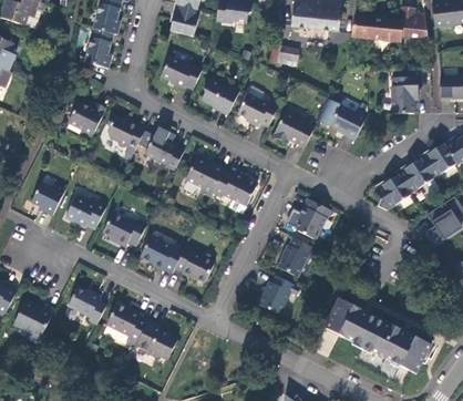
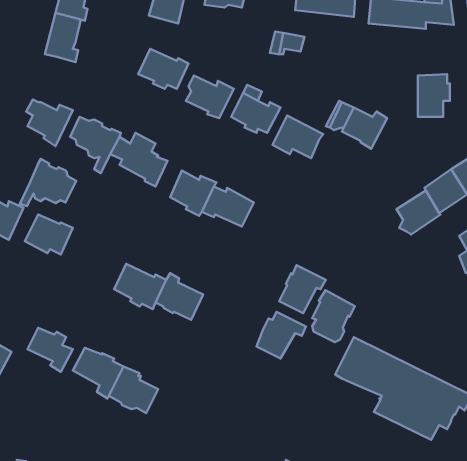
building: none -> [20,159,76,206]
building: [297,196,332,239] -> [312,290,355,342]
building: [104,213,148,246] -> none

